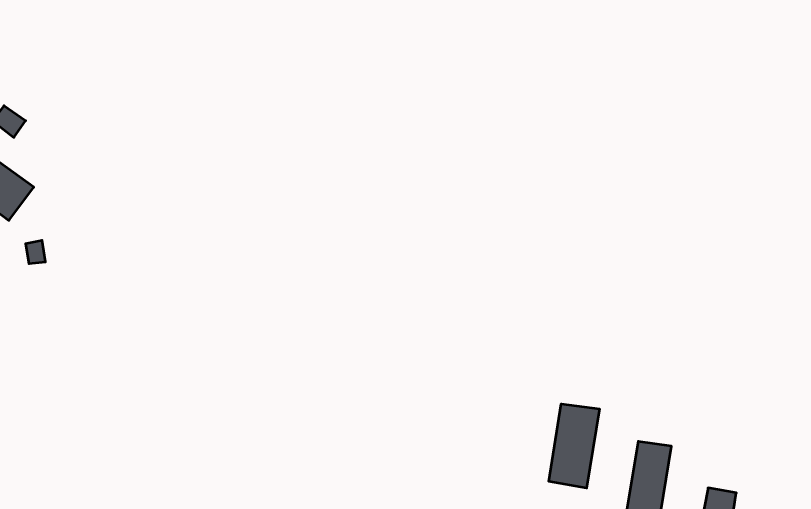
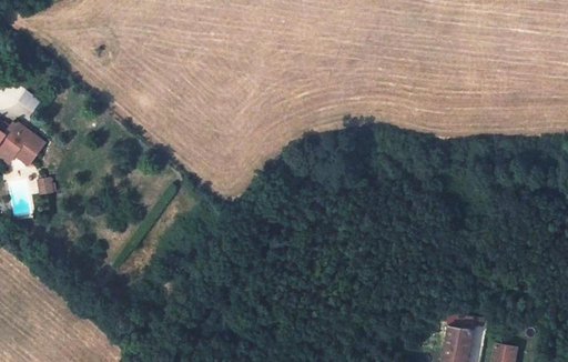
building: [549,404,599,488] -> none

